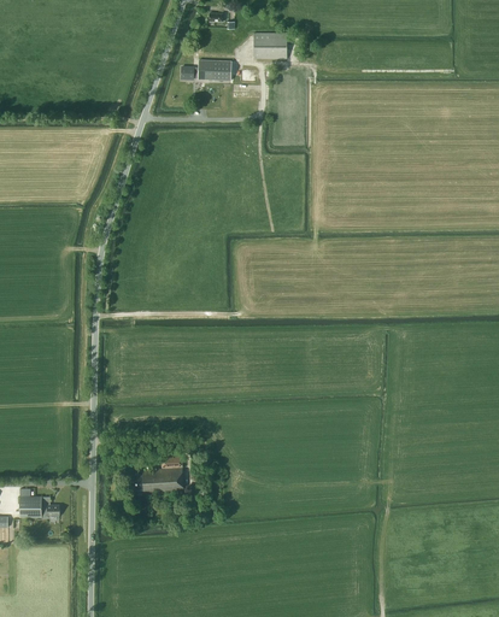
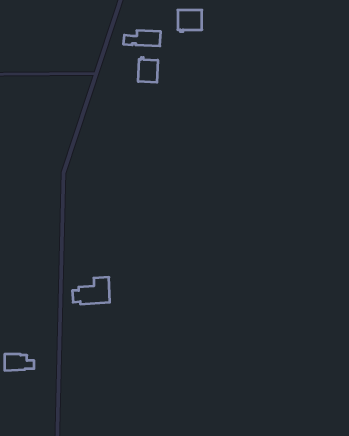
building: none -> [138,57,158,82]
building: [133,457,183,493] -> [72,277,110,304]

